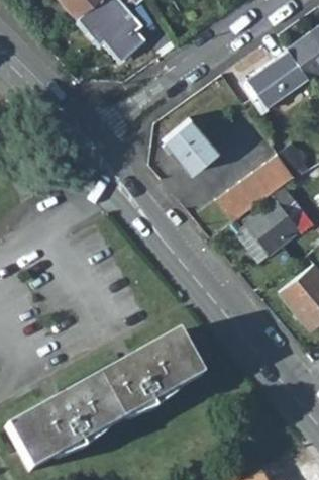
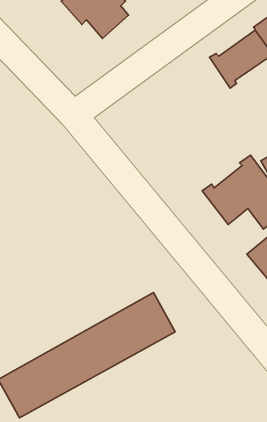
building: [165,117,217,173] -> none
building: [215,156,293,223] -> none

